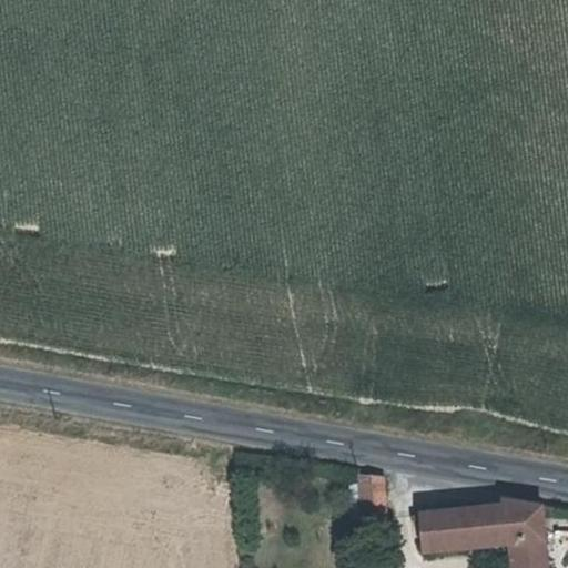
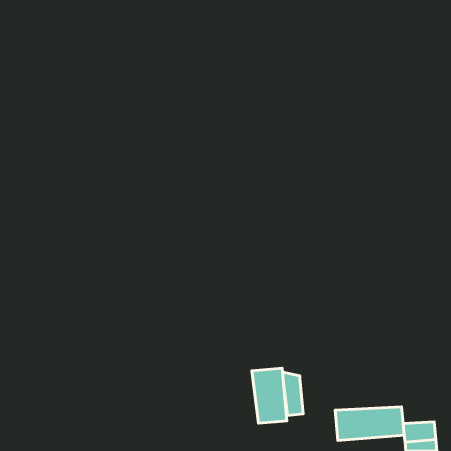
building: none -> [252,368,287,423]
building: [503,494,545,531] -> none

